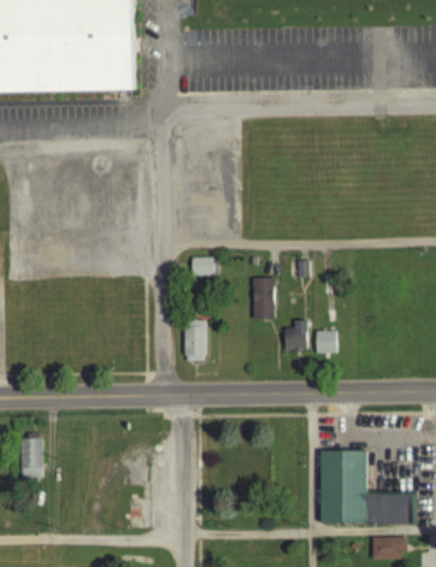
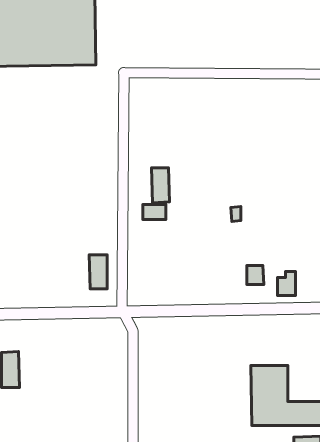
building: [252,278,273,320] -> [151,168,169,203]
building: [183,320,205,361] -> [89,255,107,289]
building: [284,321,306,350] -> [277,272,296,295]

